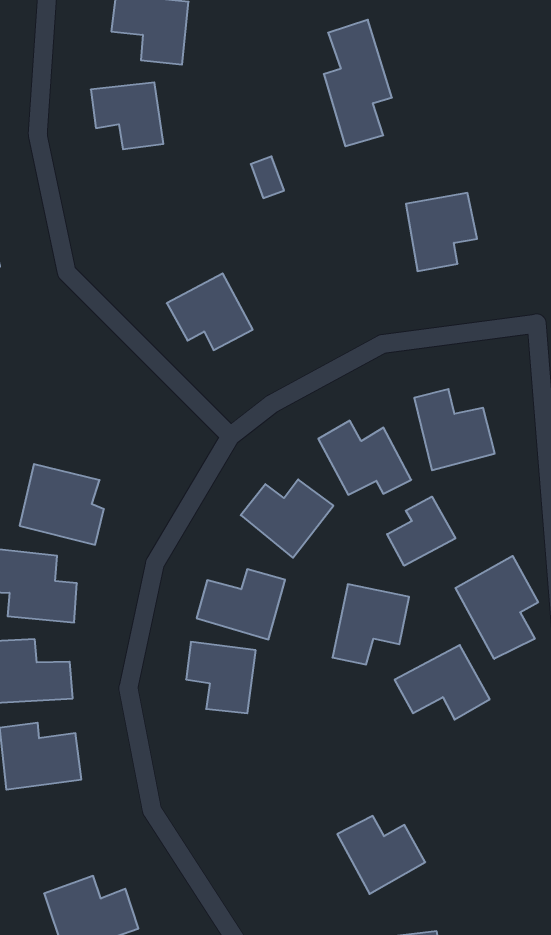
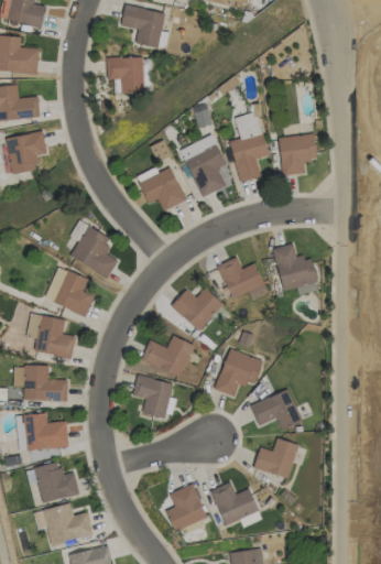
building: [324,20,392,146] -> [230,111,268,182]
building: none -> [181,134,227,197]
building: none -> [70,225,118,278]
building: [387,497,455,566] -> none
building: [455,556,538,659] -> none
building: none -> [253,437,298,478]
building: none -> [33,462,79,503]
building: none -> [165,484,208,532]

